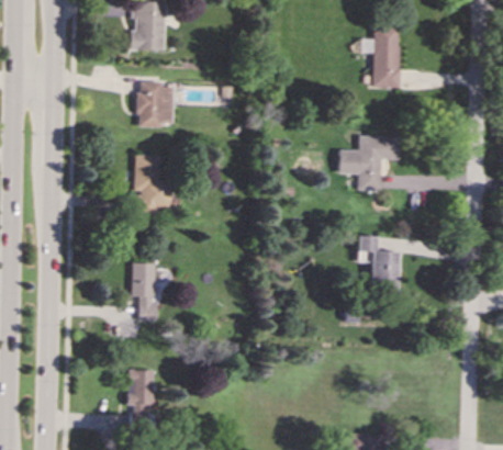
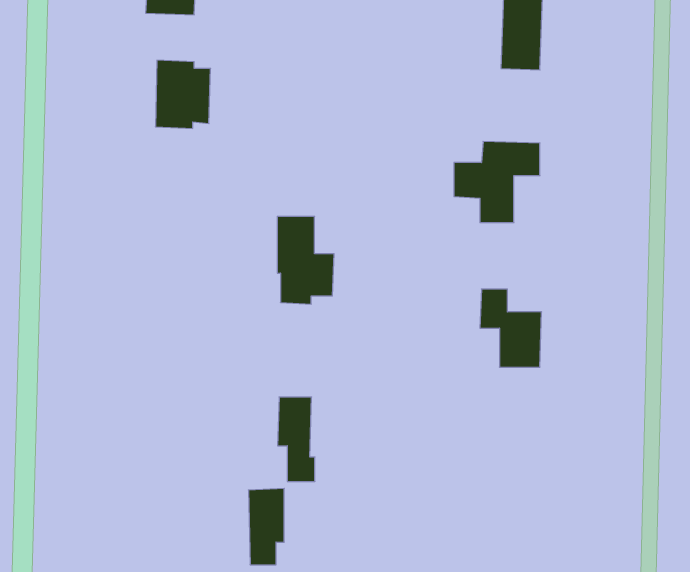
building: [134,154,172,213] -> [277,216,334,304]
building: [132,262,157,319] -> [278,397,315,481]
building: [128,369,153,420] -> [248,488,284,565]

